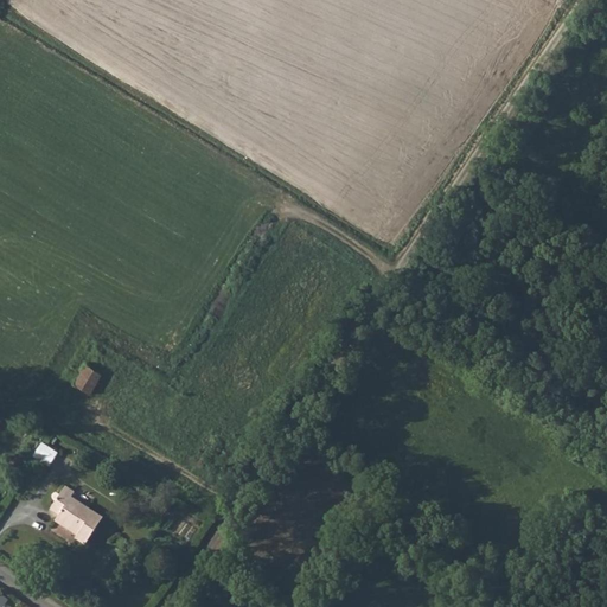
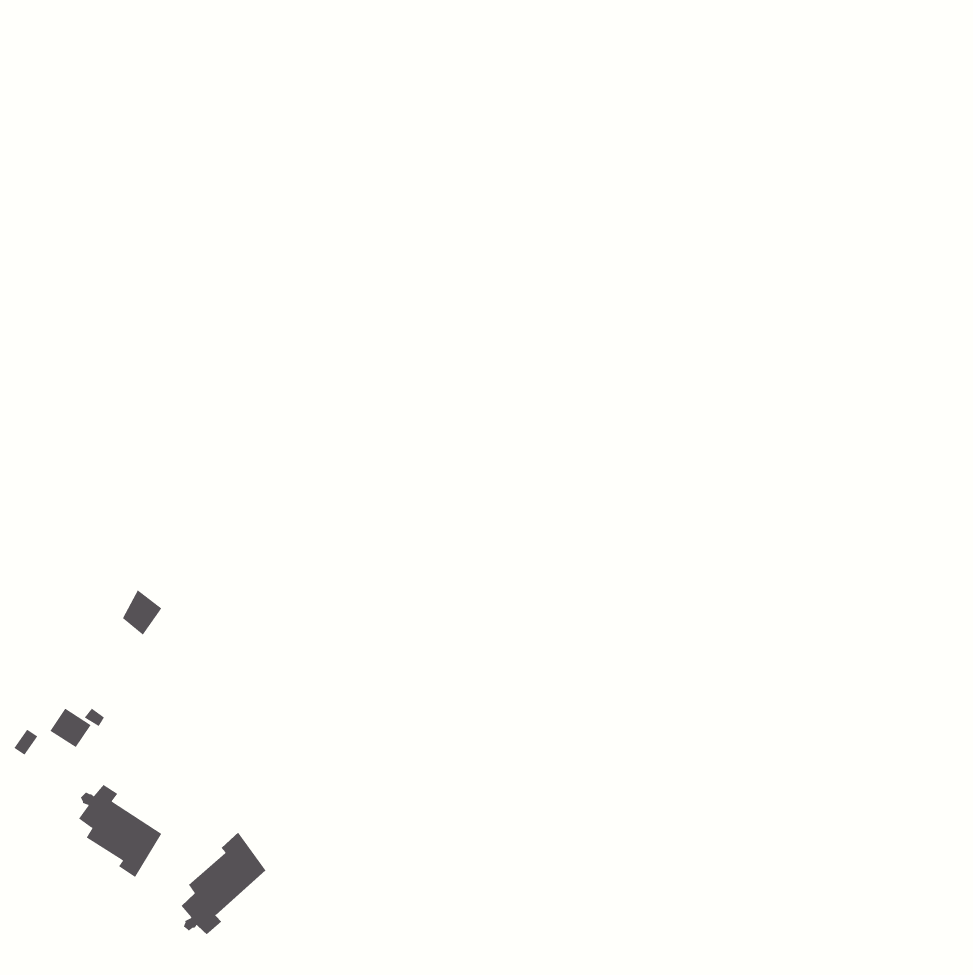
building: none -> [181,832,266,935]

